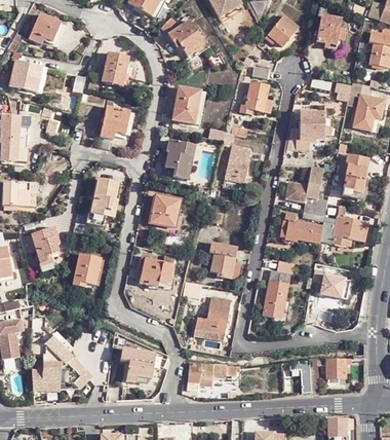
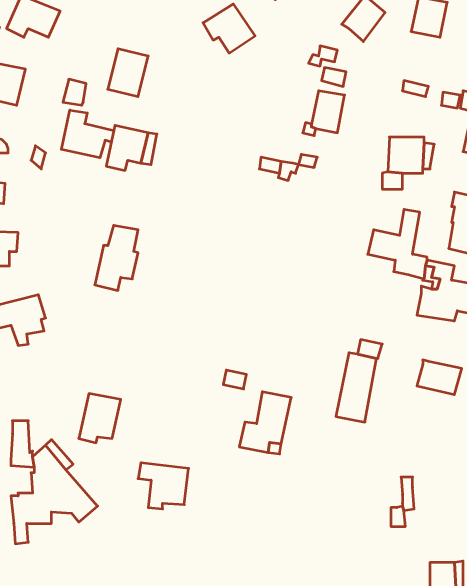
building: [174,85,204,121] -> none
building: none -> [61,110,114,158]
building: [162,141,193,180] -> none
building: [224,144,250,182] -> none
building: [149,194,180,228] -> none
building: [279,213,322,244] -> none
building: [208,241,237,281] -> none
building: [70,254,100,289] -> [79,394,121,443]
building: [139,255,173,287] -> none
building: [325,357,345,376] -> none
building: [186,362,225,390] -> none

